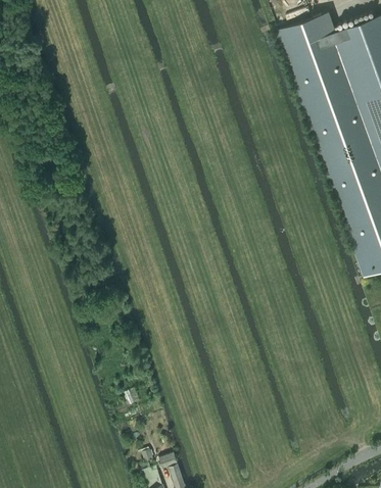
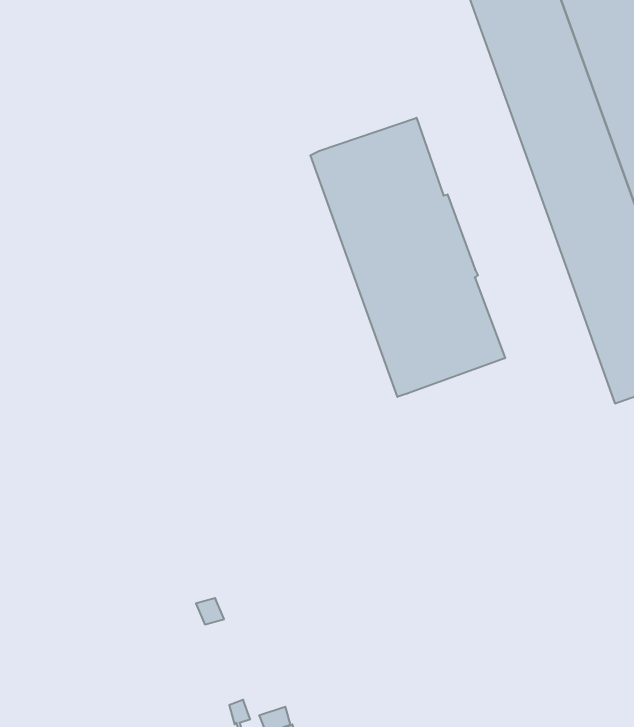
building: none -> [310,118,505,397]

